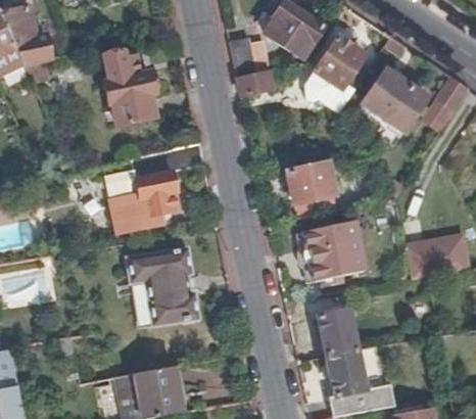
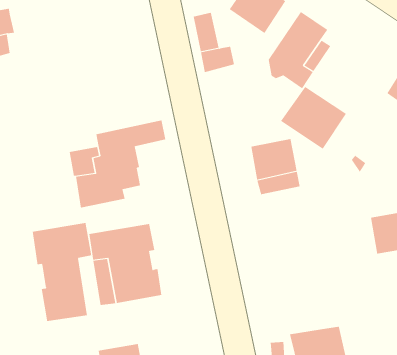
building: [105,49,157,124] -> none
building: [360,67,426,131] -> [280,86,347,150]
building: [301,221,364,282] -> none
building: none -> [32,222,92,322]
building: [317,311,355,357] -> none

